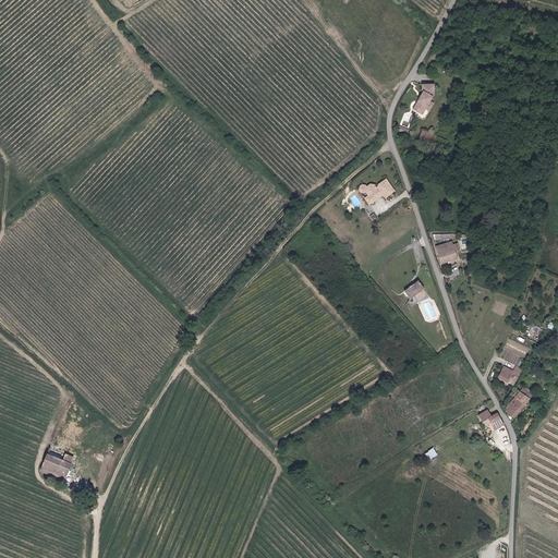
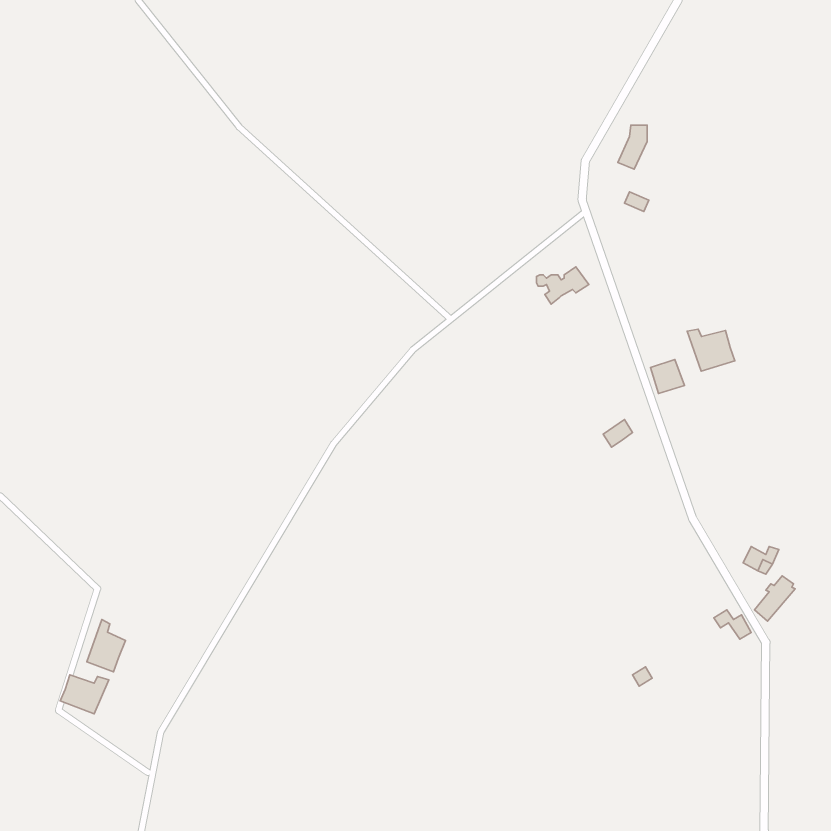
building: none -> [687,329,735,371]
building: none -> [87,619,125,672]

